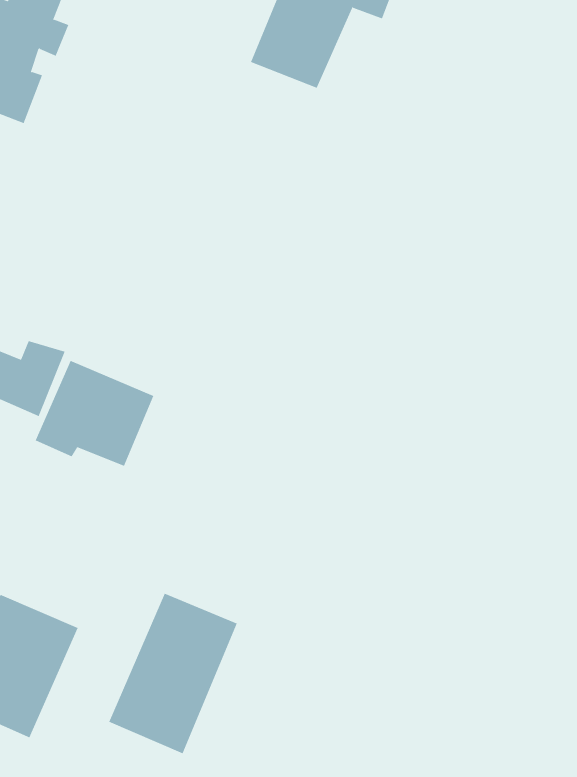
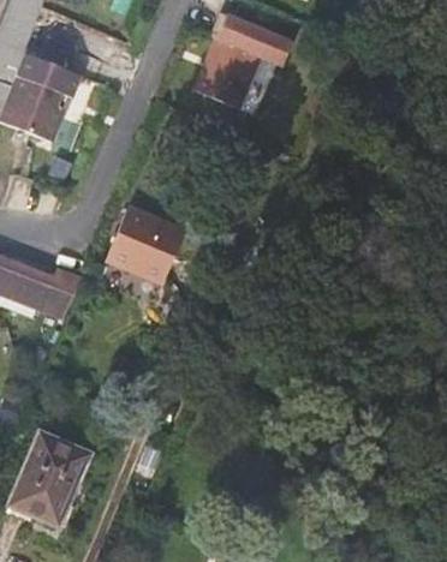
building: [35,360,154,467] -> [106,208,183,276]
building: [109,593,238,754] -> none

